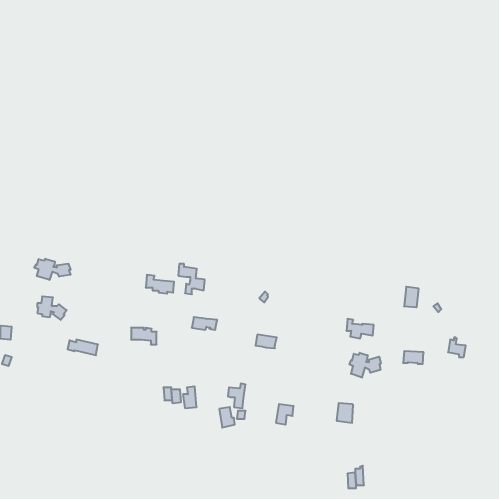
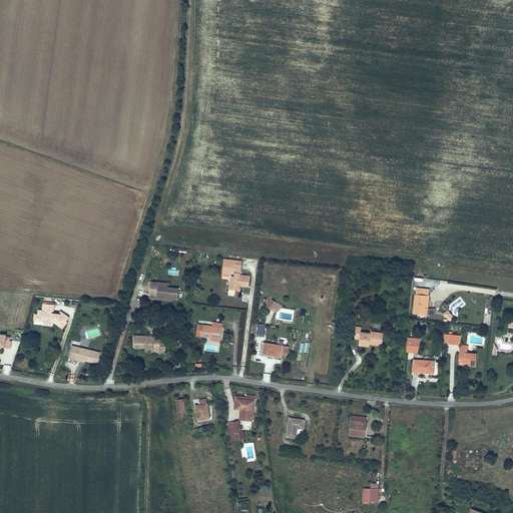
building: [34,259,71,280] -> none
building: [178,264,205,294] -> [223,261,250,292]
building: [349,353,381,378] -> none

